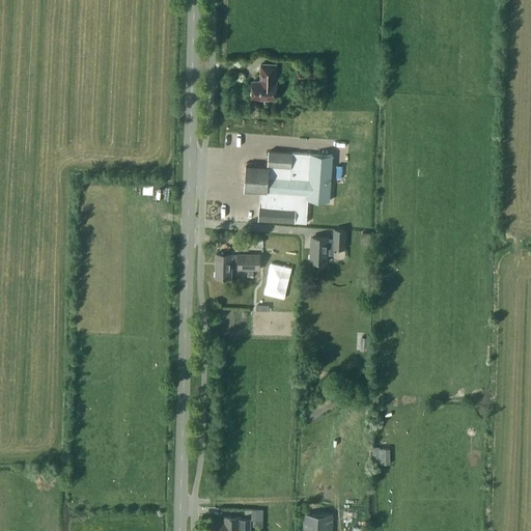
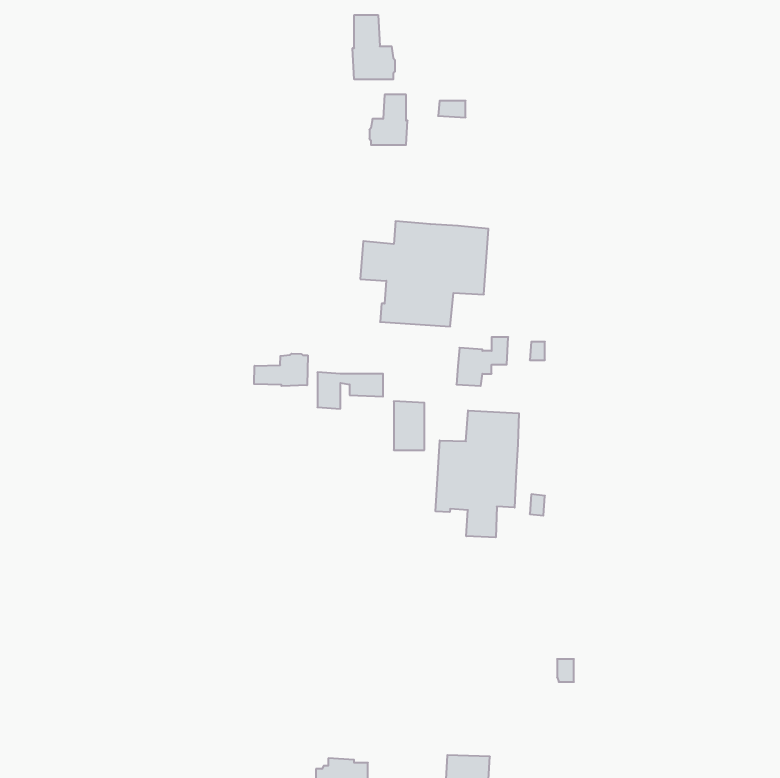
building: none -> [353,15,395,79]
building: none -> [254,354,308,386]
building: none -> [436,410,519,537]

